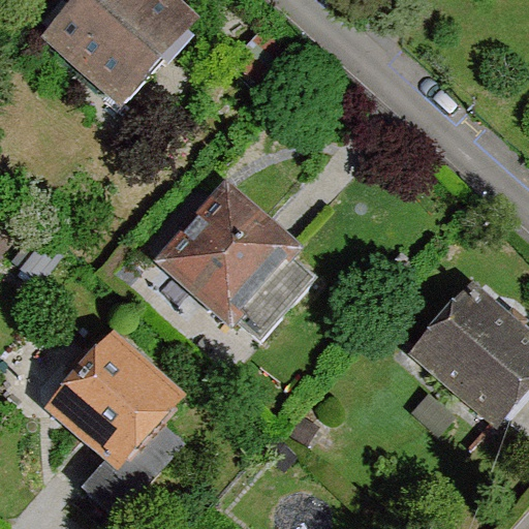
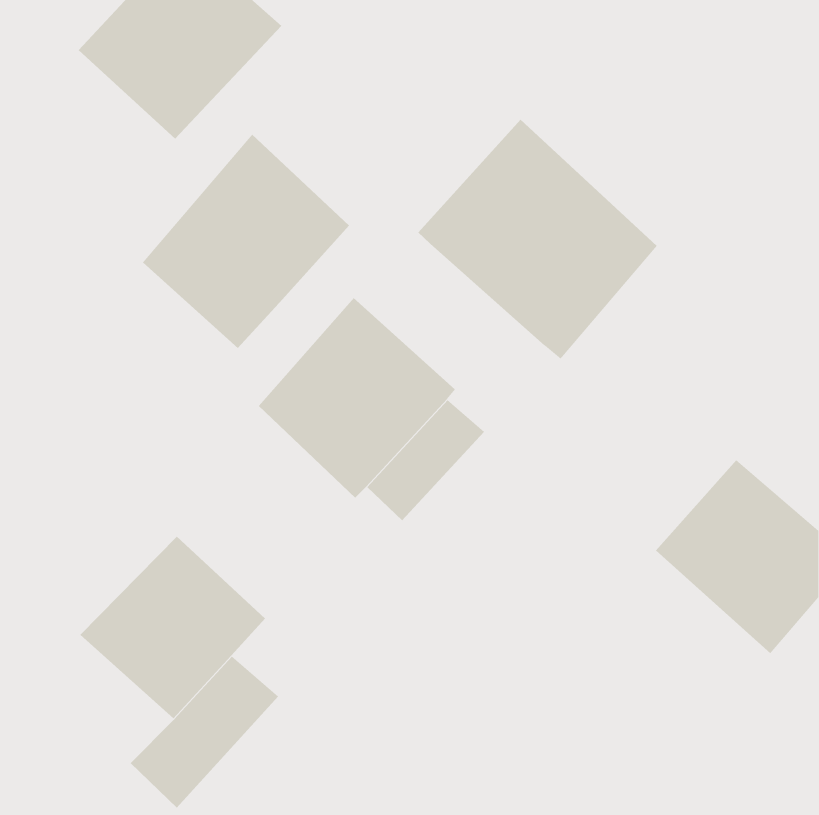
building: none -> [418,119,658,359]
building: none -> [142,134,350,349]

